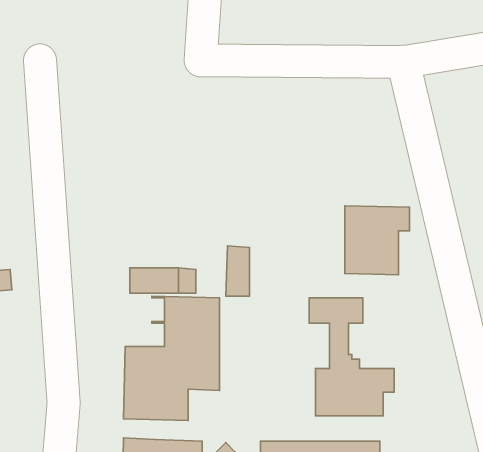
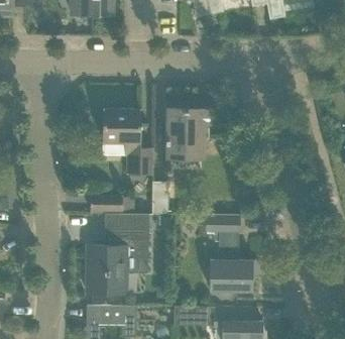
building: none -> [103,108,153,175]
building: [345,206,409,275] -> [168,108,210,152]

